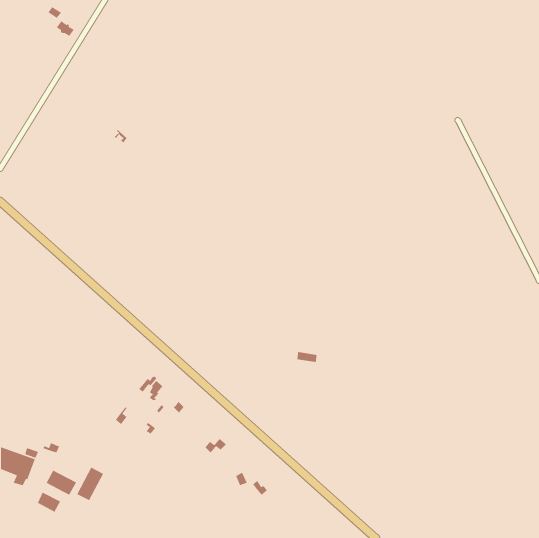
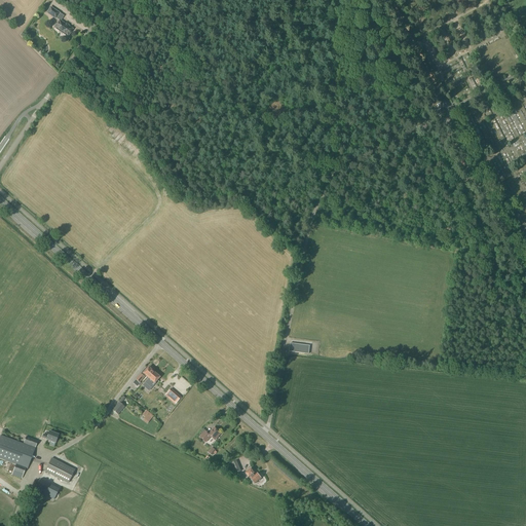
building: [76,467,104,501] -> none

